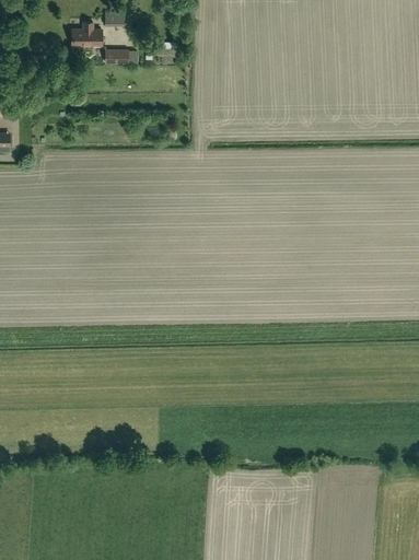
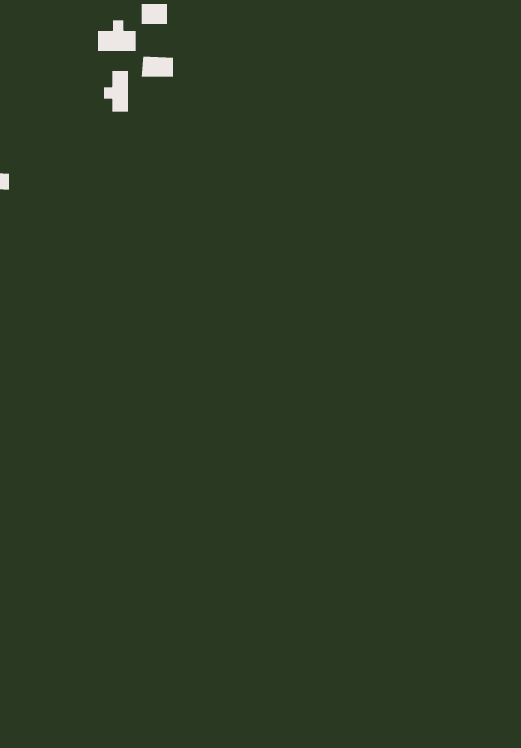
building: none -> [103,70,128,112]

